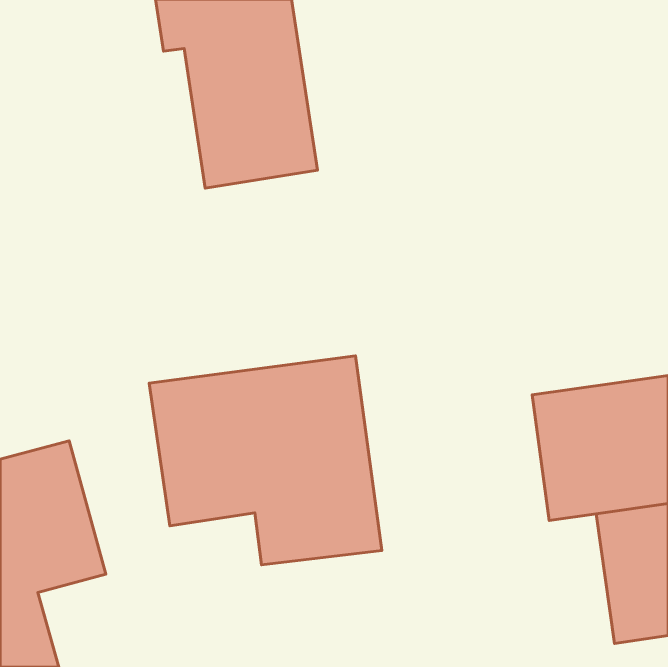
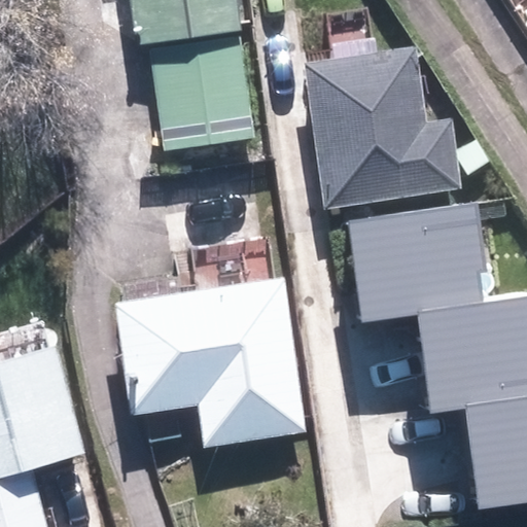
building: none -> [305,47,461,208]
building: none -> [350,205,484,318]

